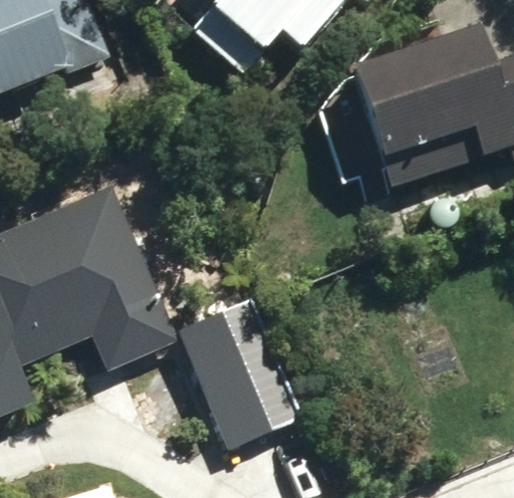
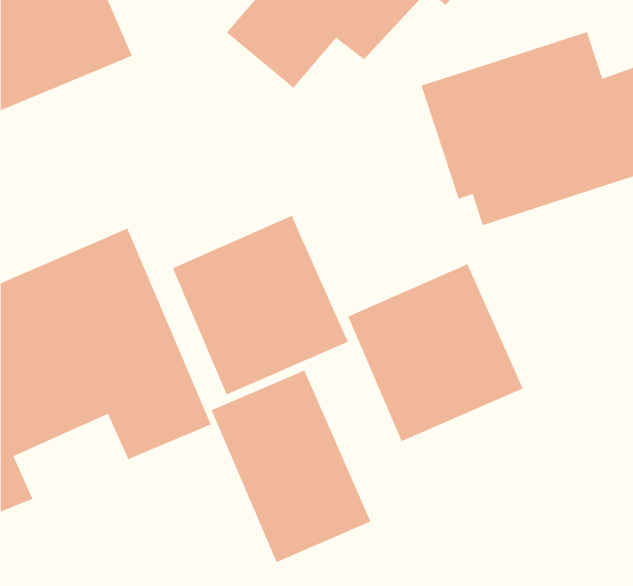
building: none -> [172,215,349,395]
building: none -> [347,263,524,442]

